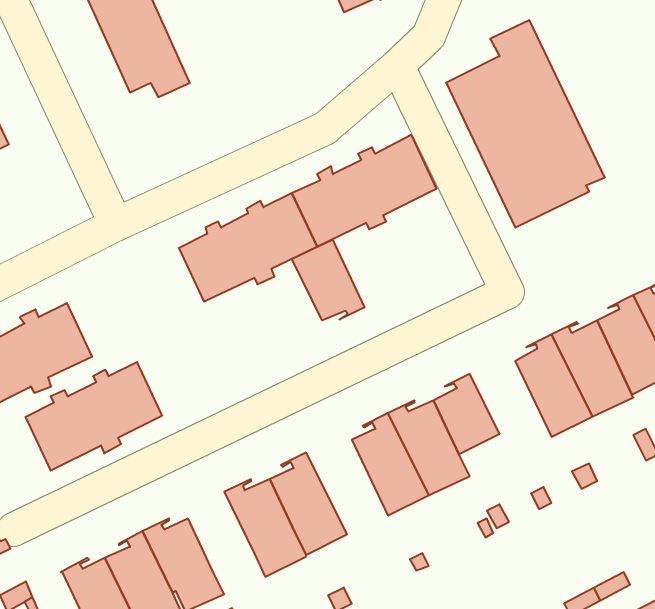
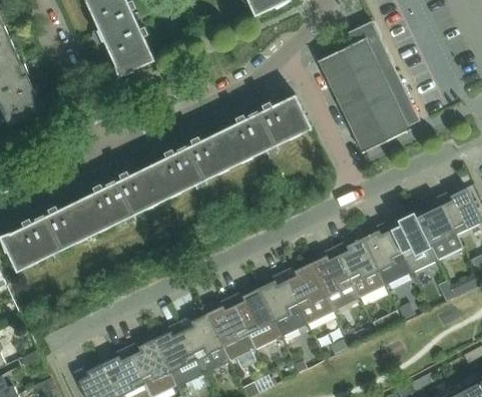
building: [292,240,364,320] -> none
building: none -> [333,239,385,299]
building: [25,362,162,471] -> [76,166,163,236]
building: none -> [228,289,281,349]
building: none -> [153,322,195,373]

